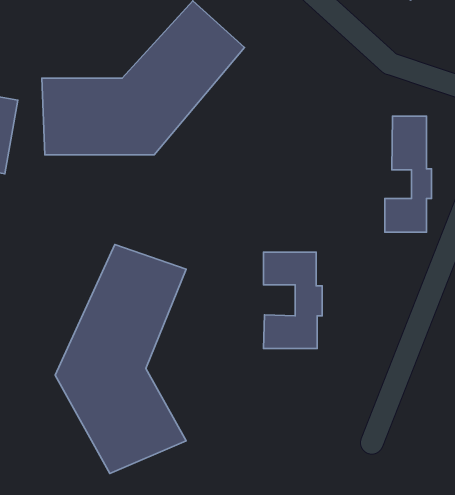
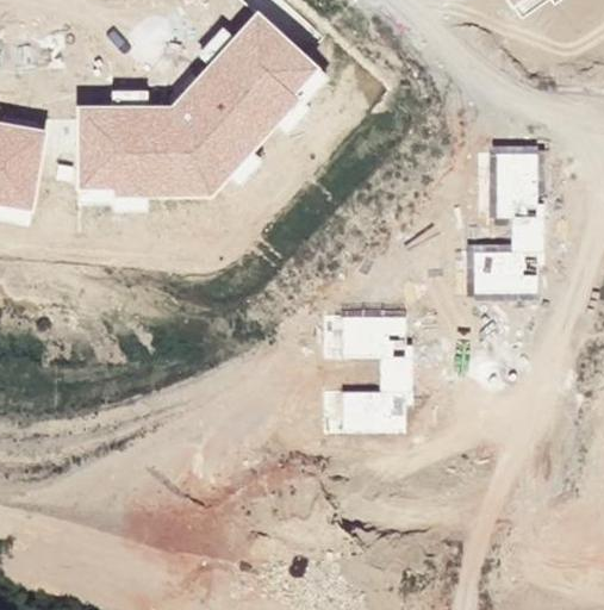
building: [55,244,186,474] -> none

